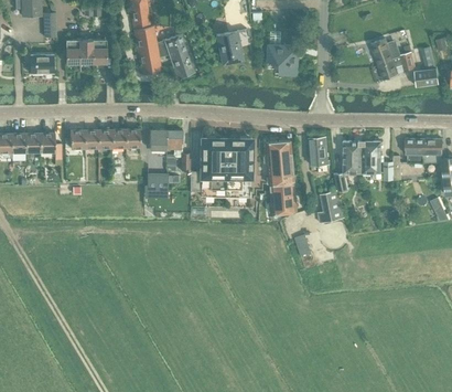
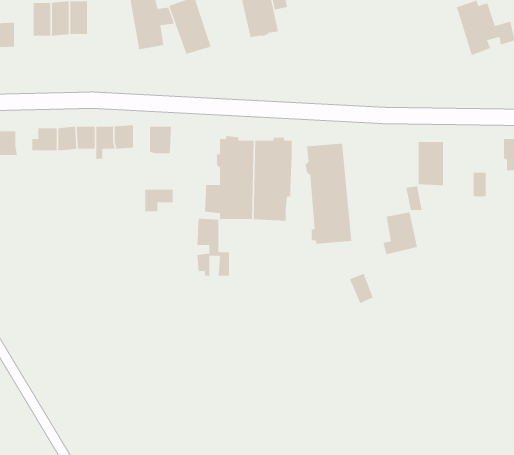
building: [268,45,298,76] -> none
building: [165,130,190,172] -> [196,218,230,276]
building: [310,138,327,173] -> none
building: [363,141,380,173] -> none

